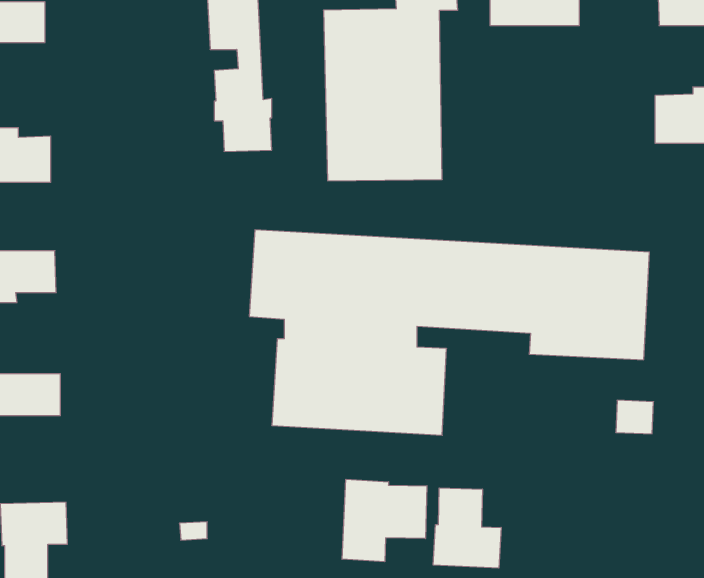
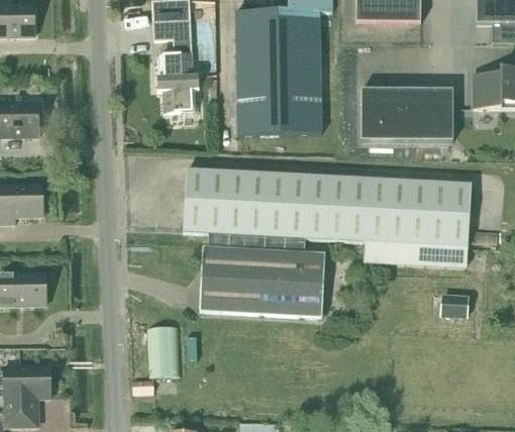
building: none -> [360,96,452,148]
building: none -> [146,326,179,375]
building: [342,479,427,562] -> none
building: [433,488,501,568] -> none

